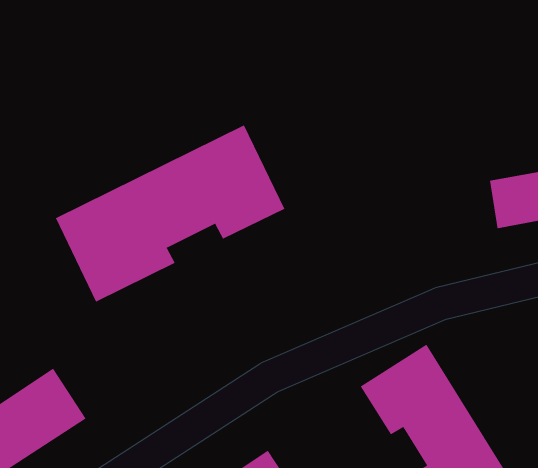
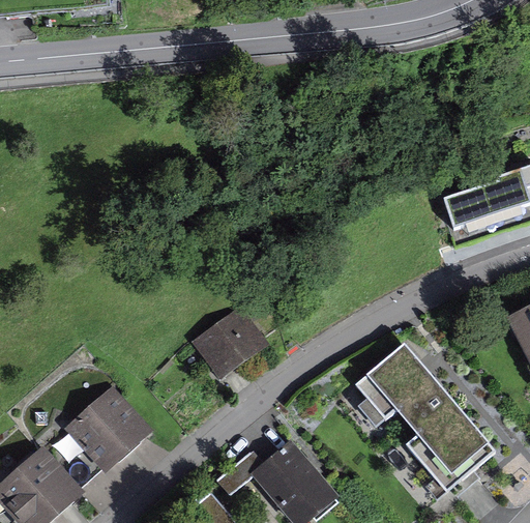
building: [55,125,285,302] -> none
building: none -> [197,323,259,382]

